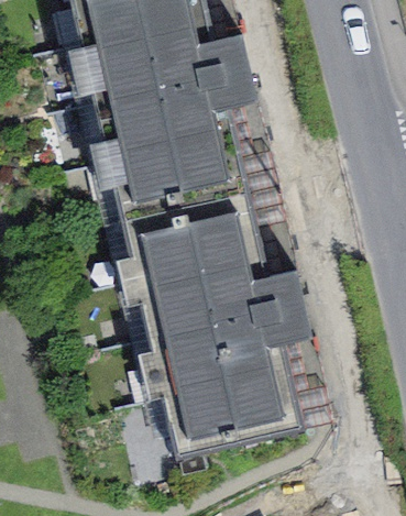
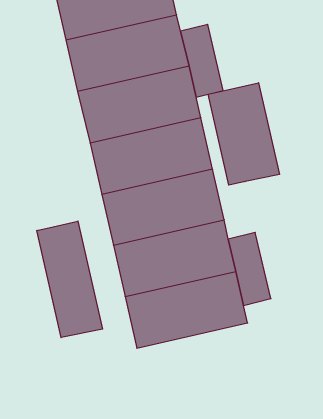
building: none -> [208,83,279,185]
building: none -> [37,221,103,338]
building: [156,366,296,453] -> none

